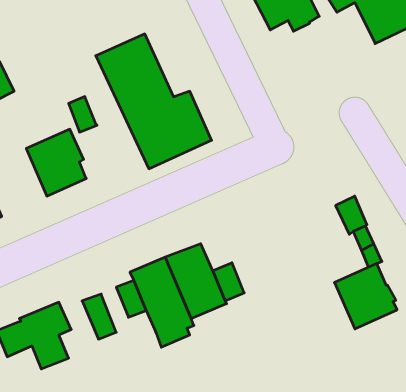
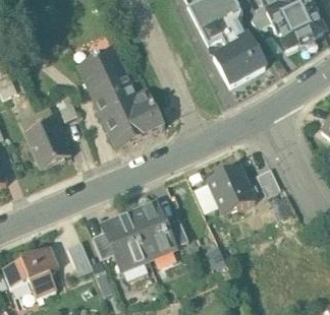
building: none -> [214,33,266,86]
building: [334,263,397,329] -> [208,166,255,214]

